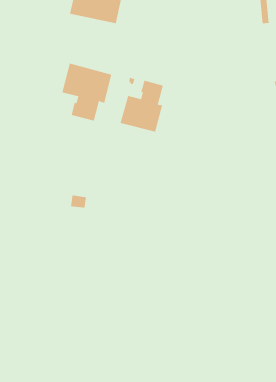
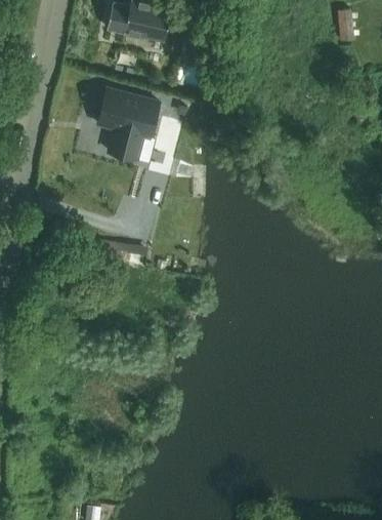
building: [120,80,163,133] -> none

